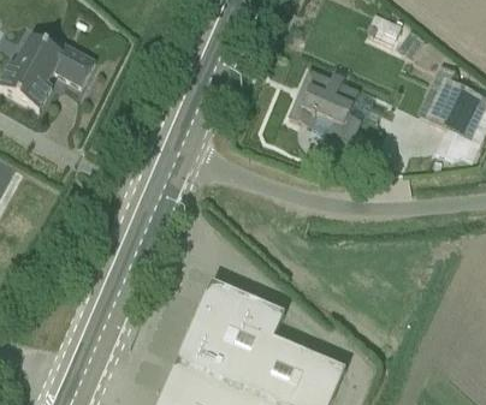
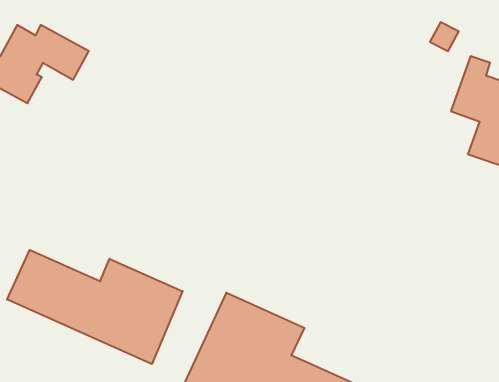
building: [281,69,364,143] -> none
building: none -> [7,250,183,364]

